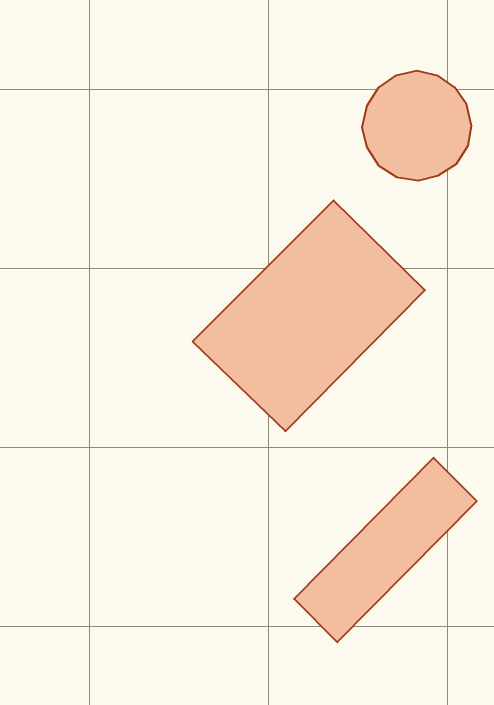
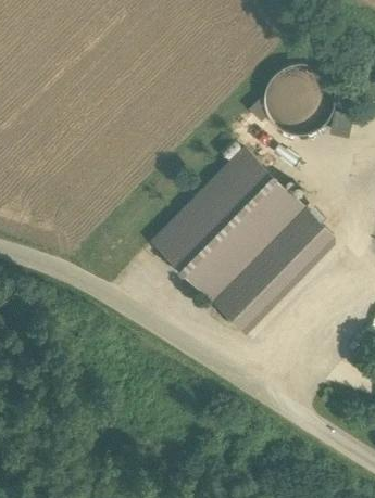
building: [294,458,477,642] -> [214,207,334,328]

